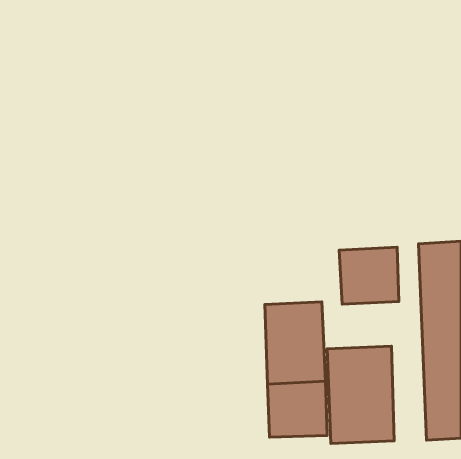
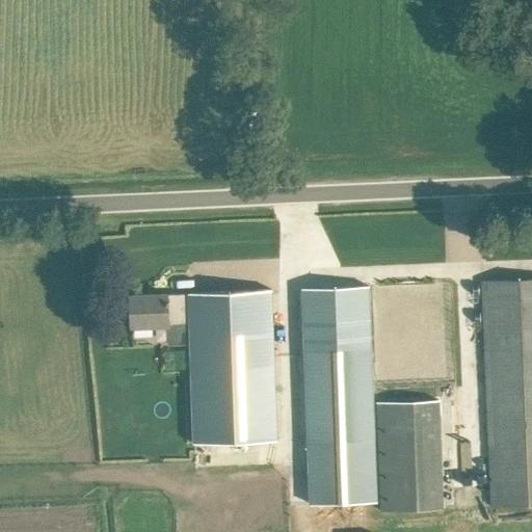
building: [339,247,399,304] -> [301,288,370,353]
building: none -> [130,292,277,445]

